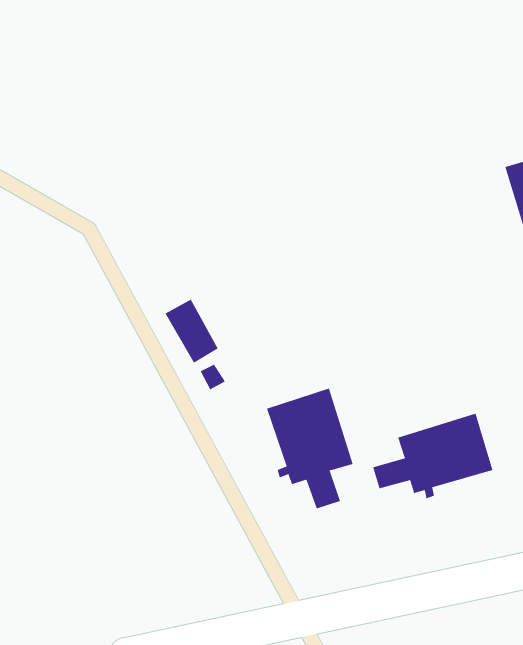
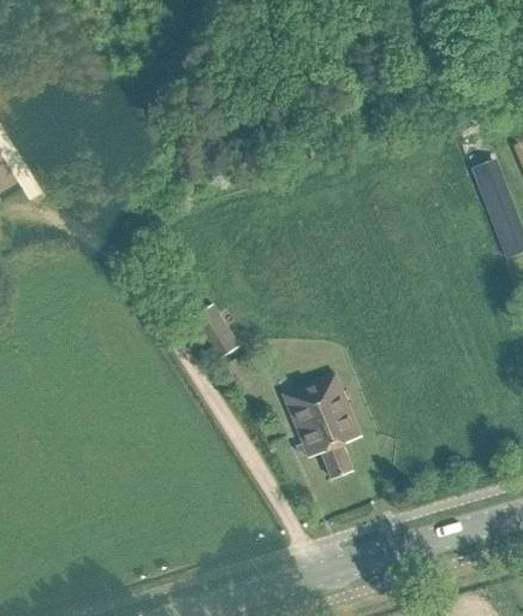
building: [373,413,493,499] -> none

